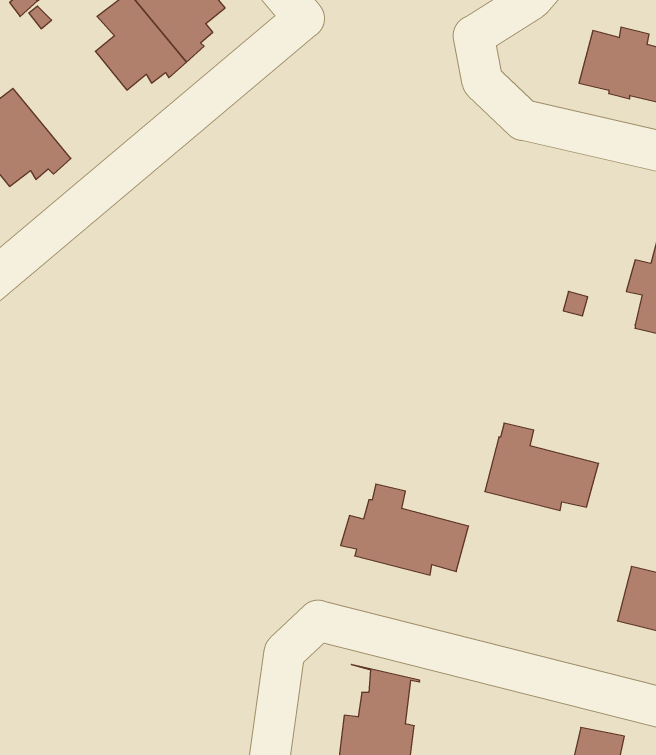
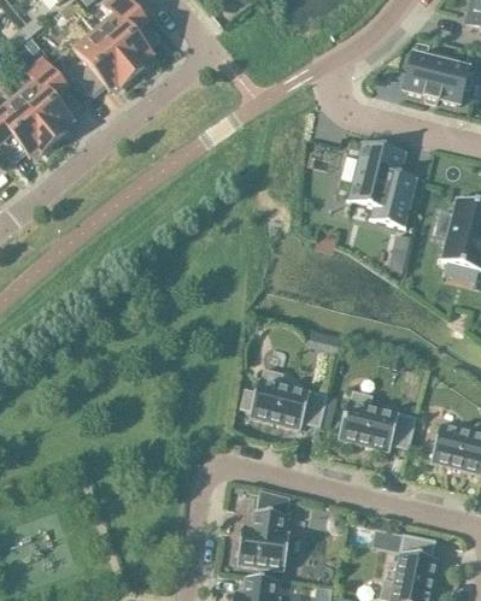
building: none -> [14,59,81,142]
building: none -> [342,140,418,226]
building: [485,423,599,511] -> [339,390,417,450]

